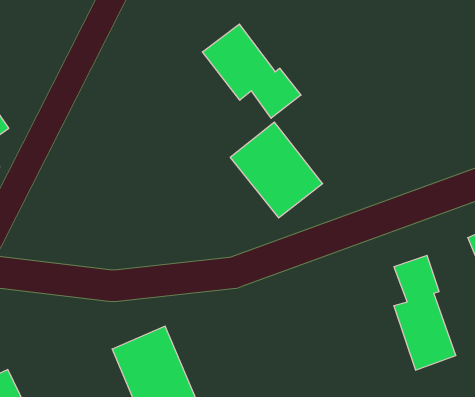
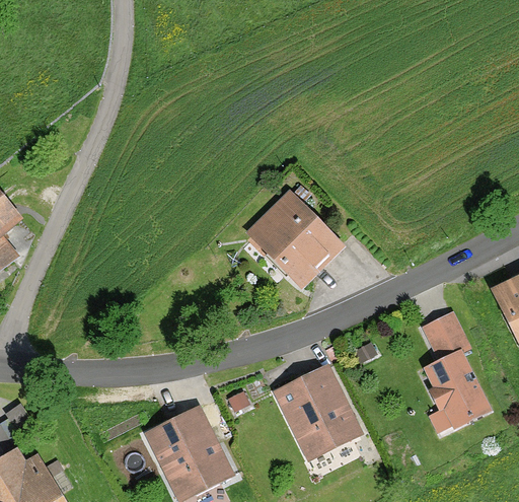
building: [202,24,301,118] -> none
building: none -> [275,365,362,459]

